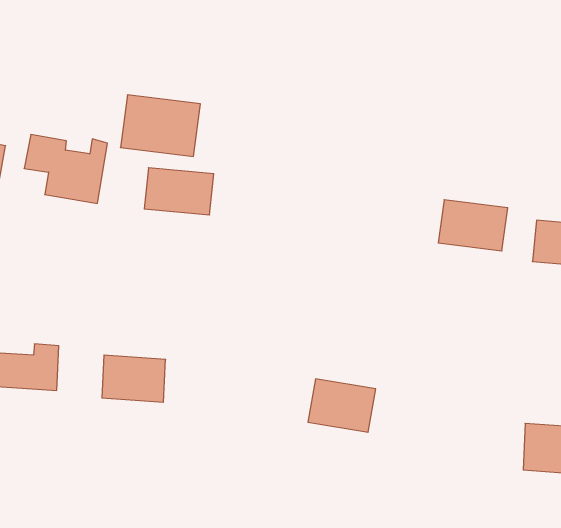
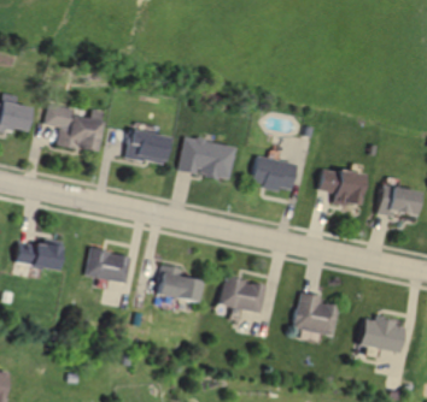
building: [120,95,200,156] -> [180,136,234,179]
building: none -> [252,158,294,190]
building: none -> [157,265,203,302]
building: none -> [291,291,337,337]

